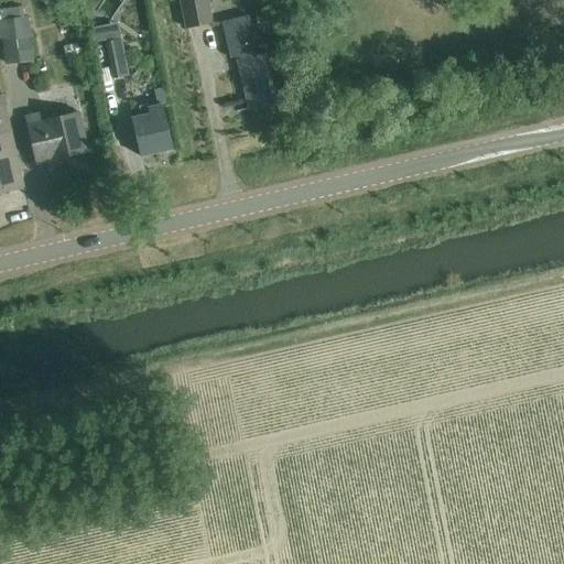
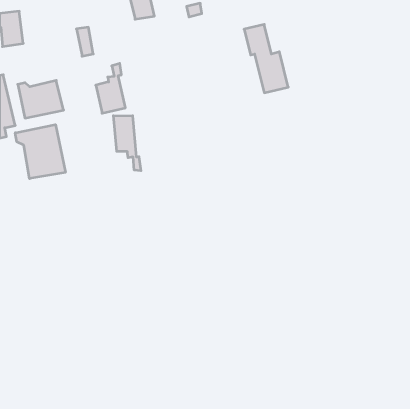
building: [220,13,281,107] -> [244,24,288,93]
building: none -> [113,116,141,171]
building: none -> [15,125,65,179]

